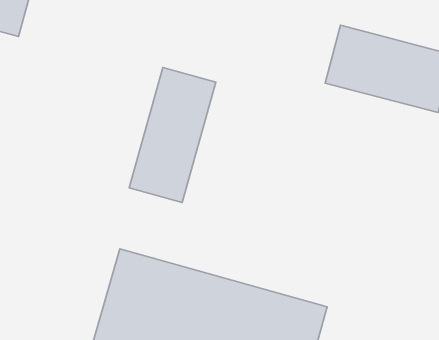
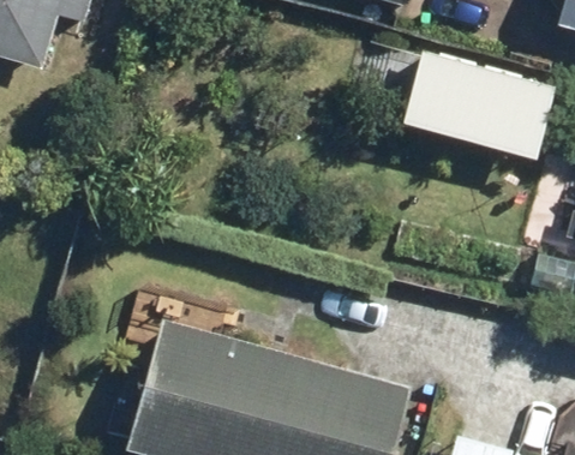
building: [129,68,216,203] -> none

